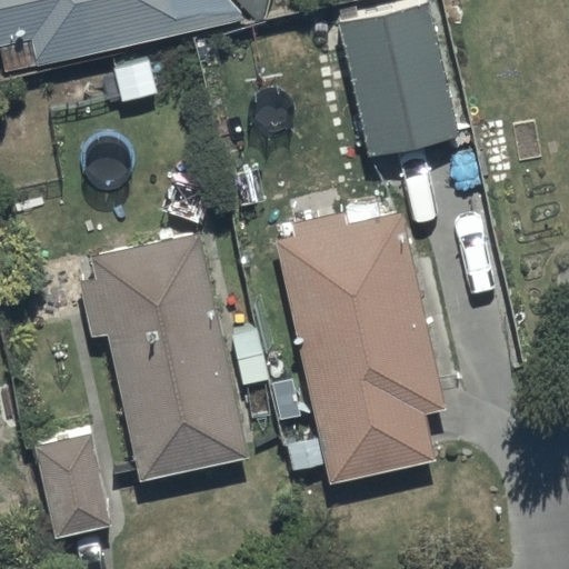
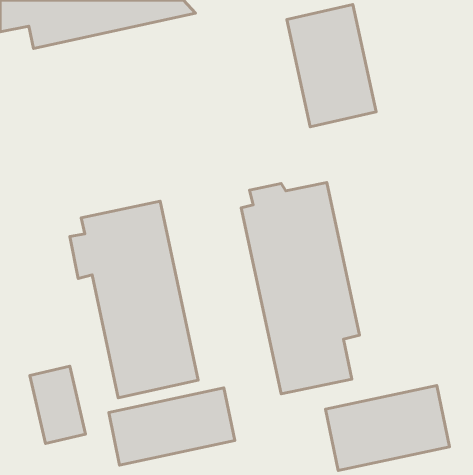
building: none -> [326,385,449,471]
building: none -> [109,388,235,465]

